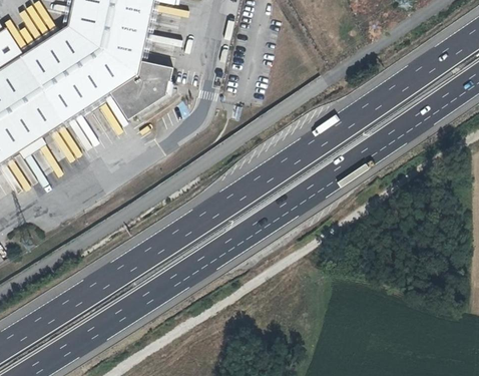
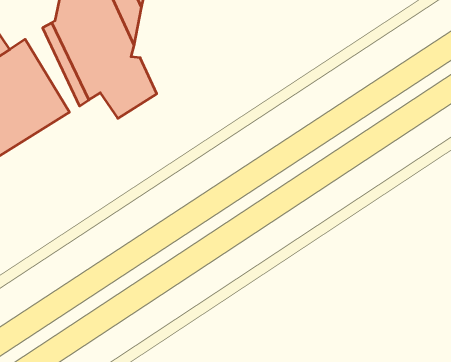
building: [37,32,90,114] -> none
building: [149,61,172,96] -> none

